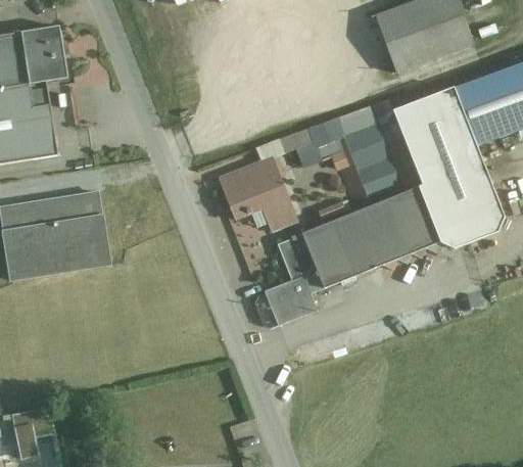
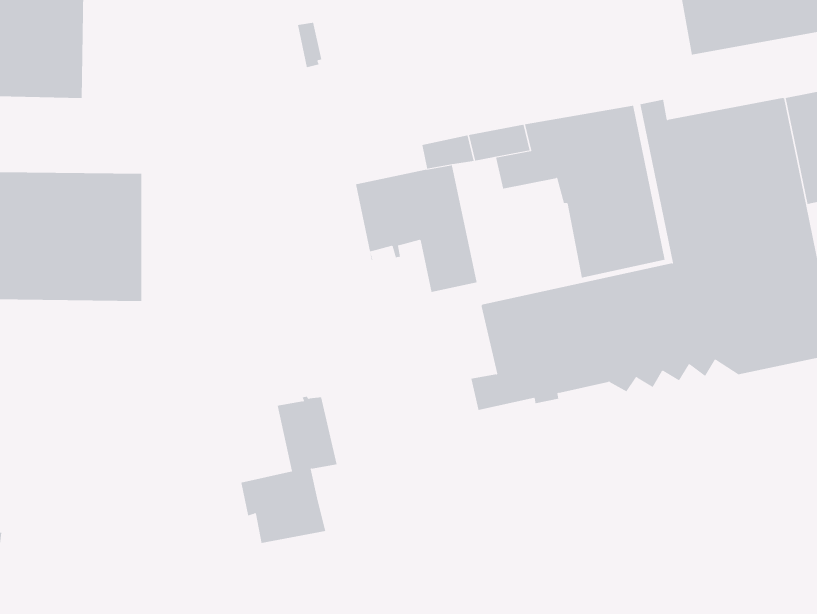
building: [264,234,317,323] -> [241,396,337,544]

